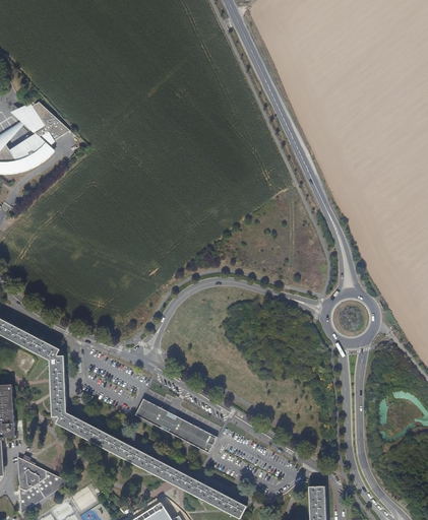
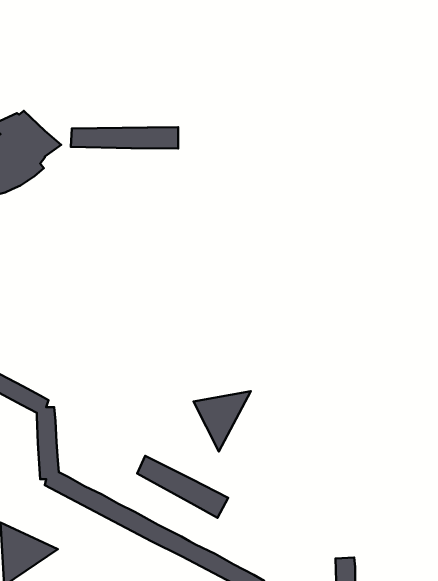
building: none -> [71,127,178,148]
building: none -> [193,391,251,452]

